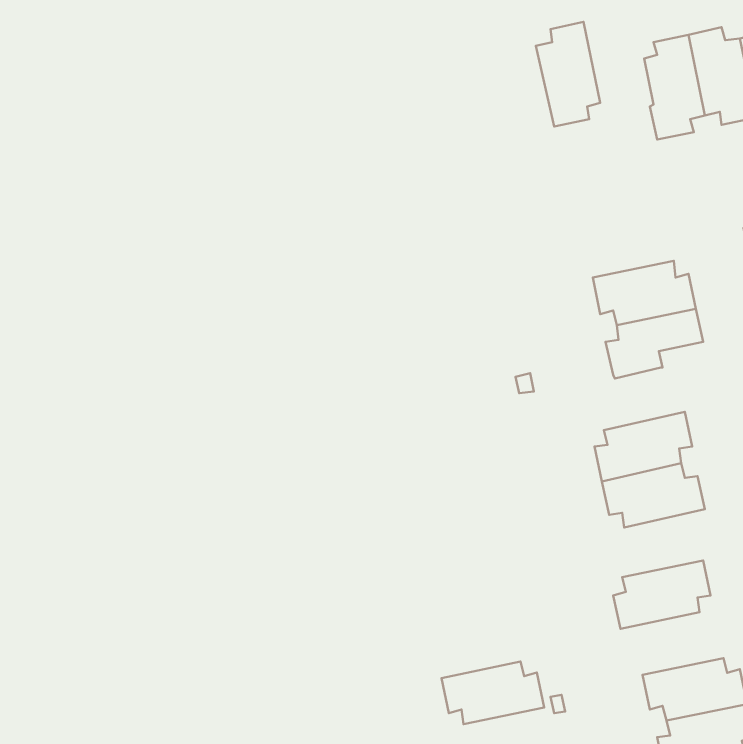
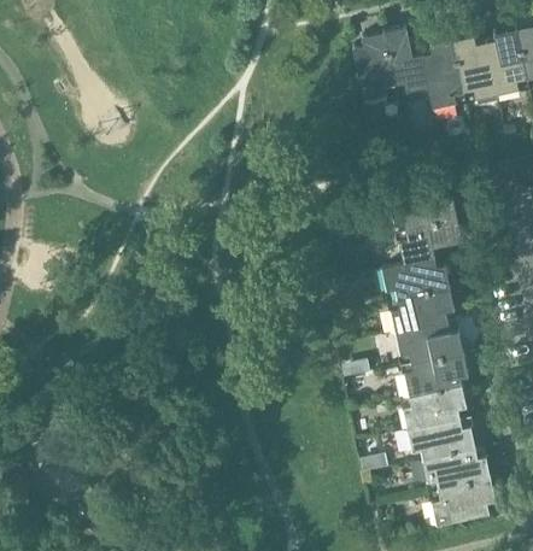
building: none -> [383,27,429,90]
building: none -> [381,258,450,299]
building: none -> [404,351,468,395]
building: [441,662,544,724] -> [408,418,475,459]

